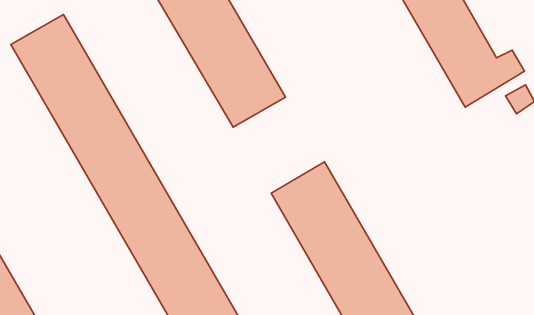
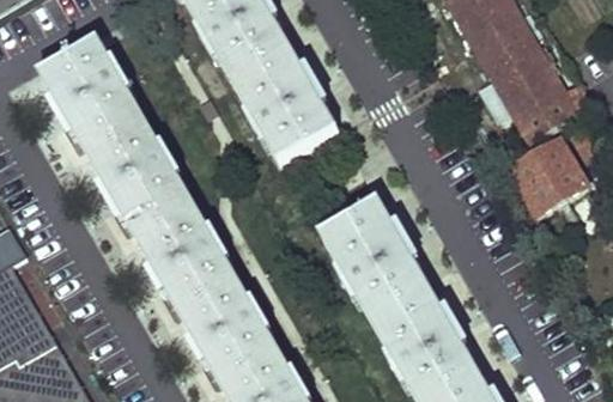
building: none -> [509,139,587,215]

